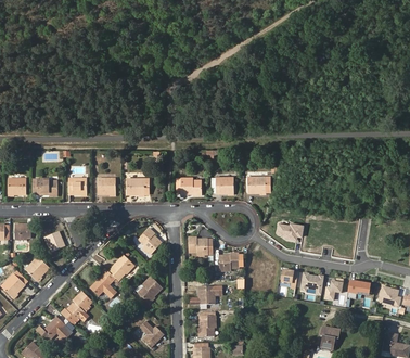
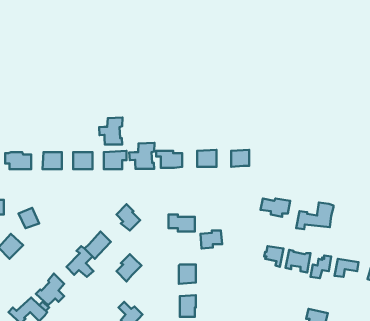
building: none -> [99,117,122,144]
building: none -> [129,143,154,169]
building: none -> [296,202,334,229]

